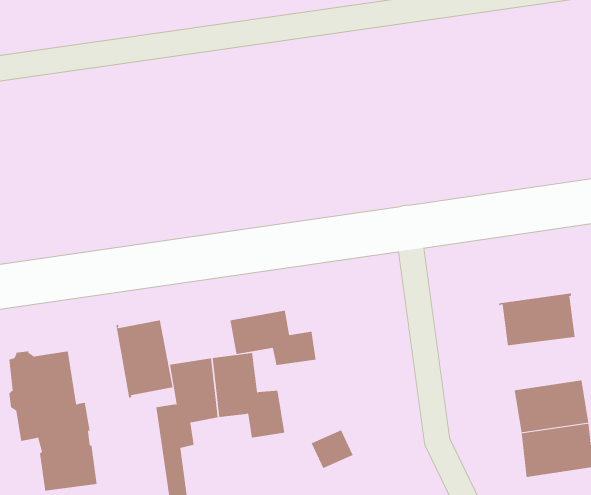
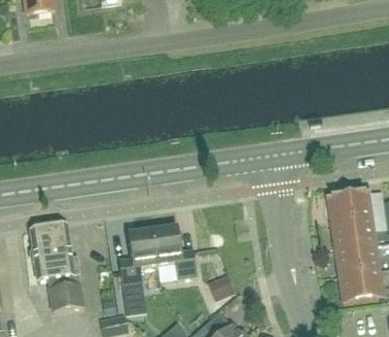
building: [230,310,316,366] -> none
building: [116,320,173,398] -> none
building: none -> [329,214,375,246]

